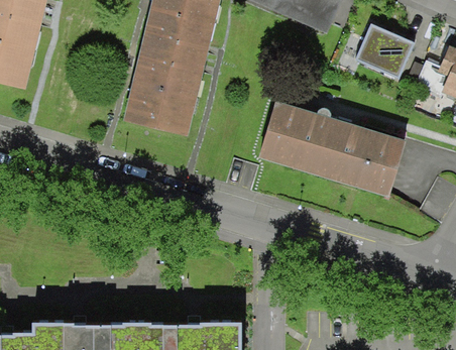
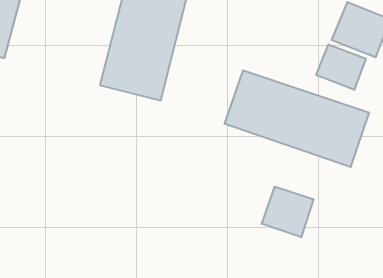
building: none -> [316,44,366,90]
building: none -> [262,187,313,237]

